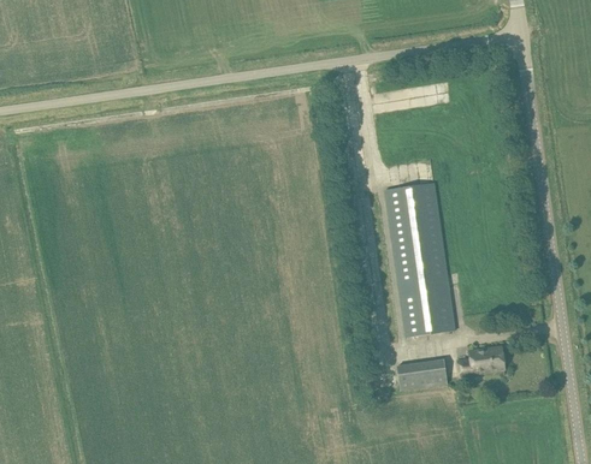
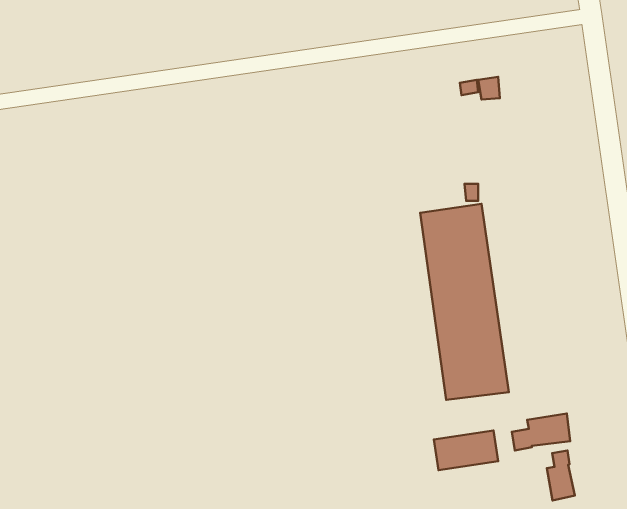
building: none -> [547,451,575,500]

